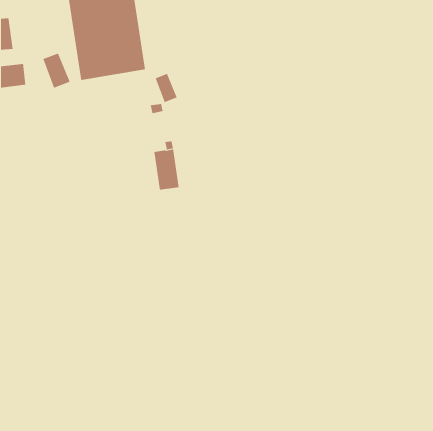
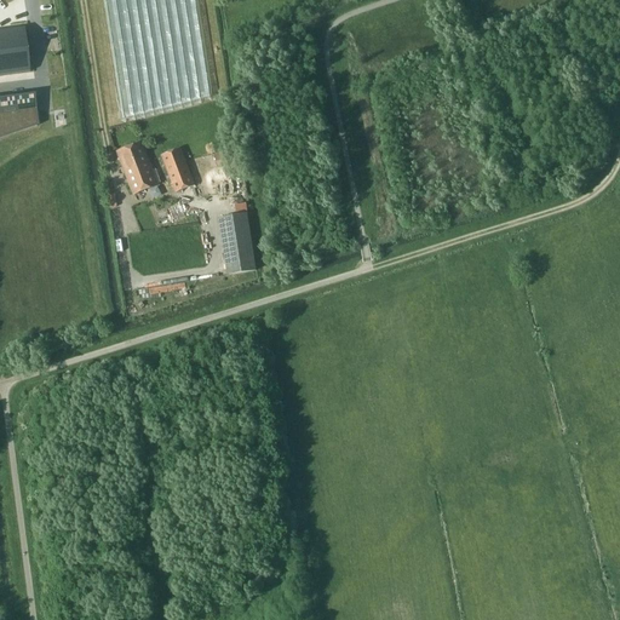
building: [42,53,70,89] -> [119,140,159,191]
building: [155,73,178,103] -> [162,147,195,189]

